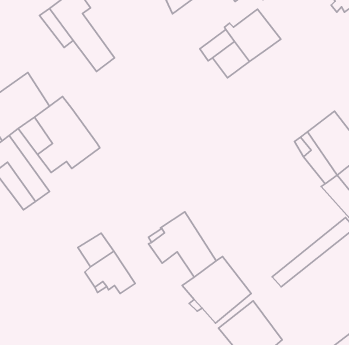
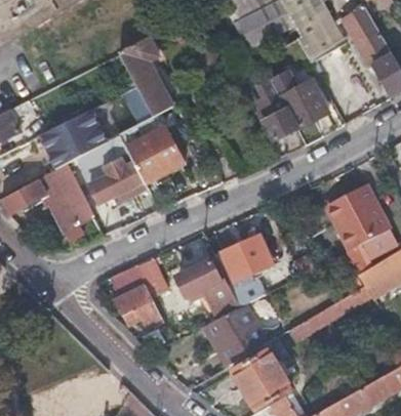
building: none -> [126,127,182,182]
building: none -> [215,236,271,306]

